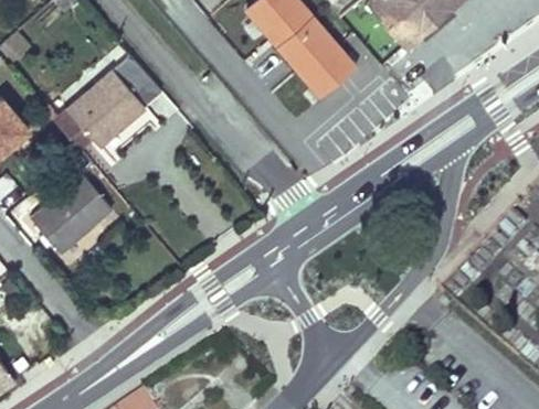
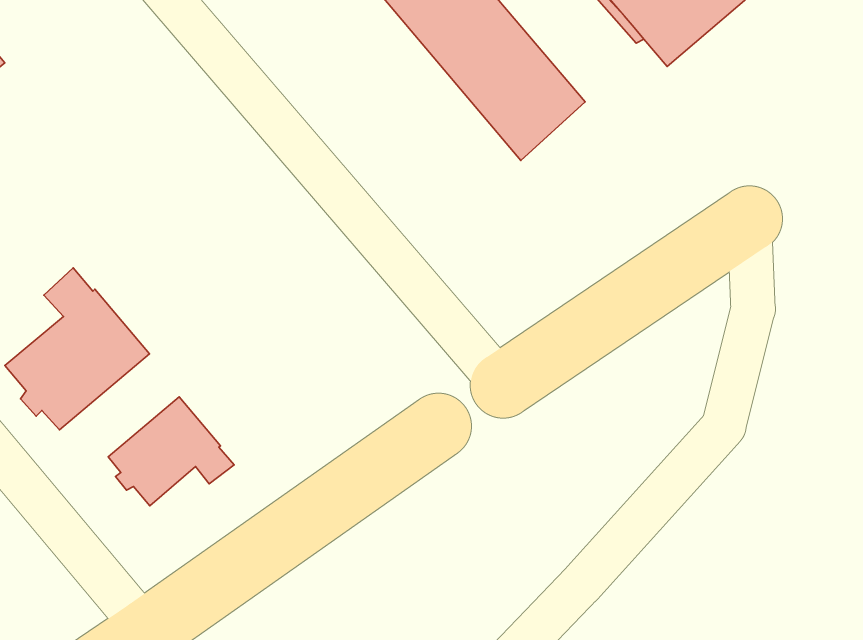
building: [54,53,161,144] -> none
building: none -> [108,397,234,506]

